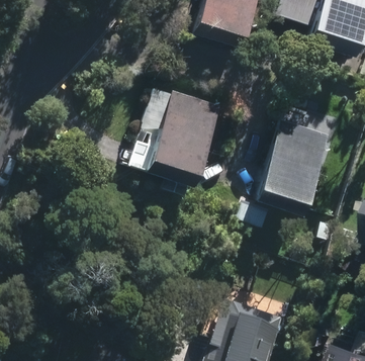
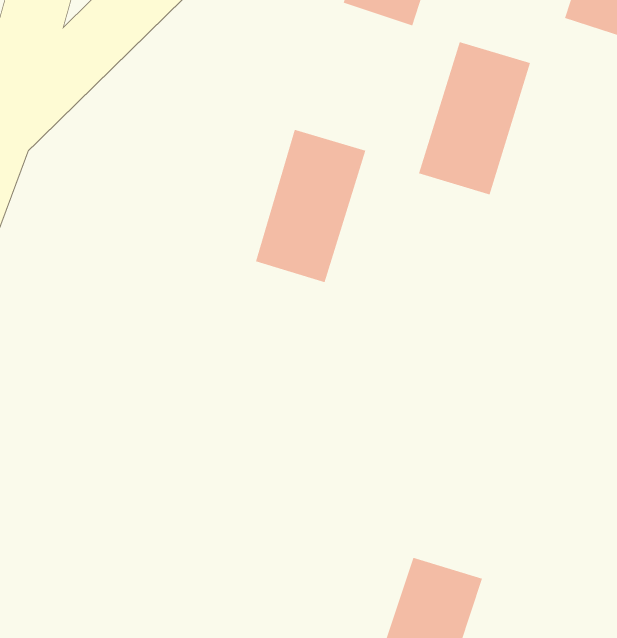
building: [264,125,323,205] -> [418,41,531,195]

